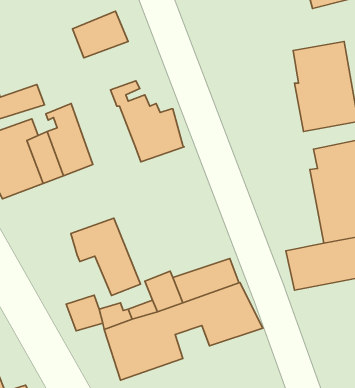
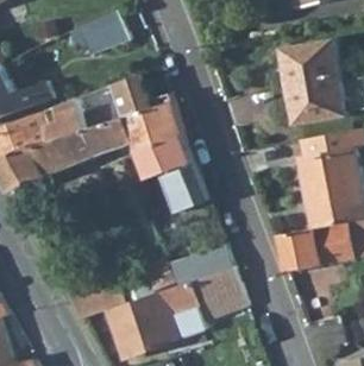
building: none -> [84,101,134,156]
building: [71,218,141,296] -> [139,139,205,212]

